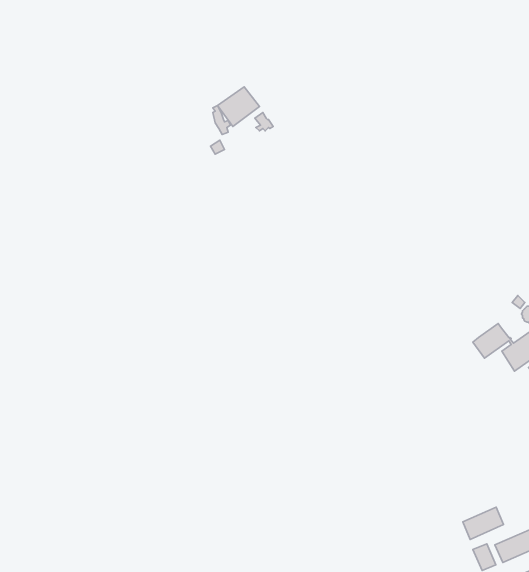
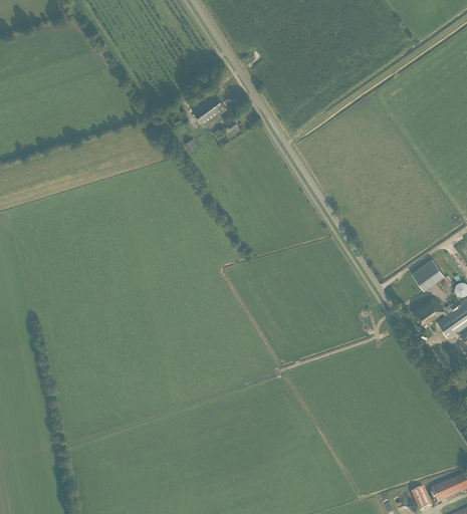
building: none -> [411,259,443,290]
building: [463,507,503,539] -> none

